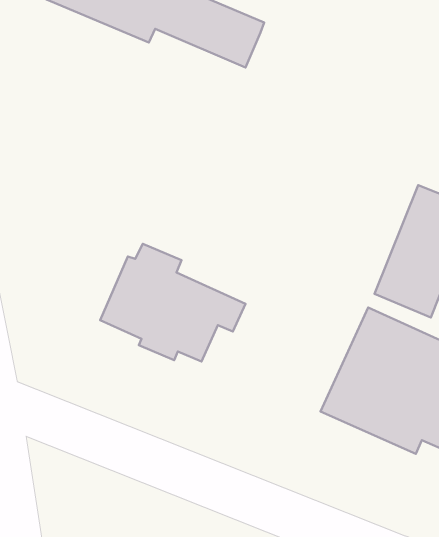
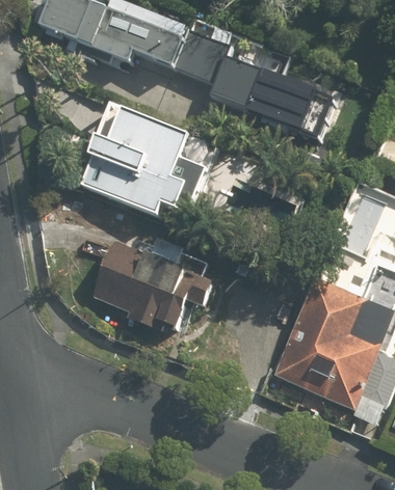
building: none -> [211,56,333,138]
building: none -> [80,103,206,215]

